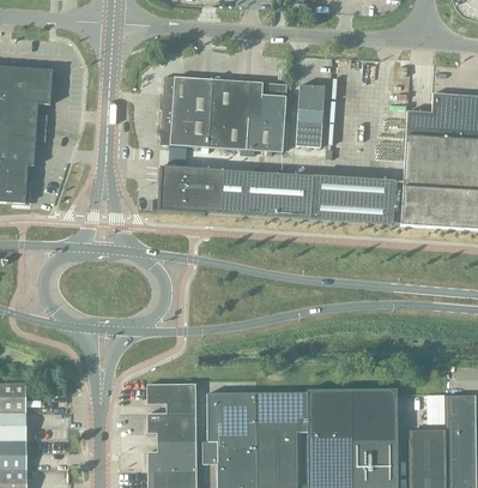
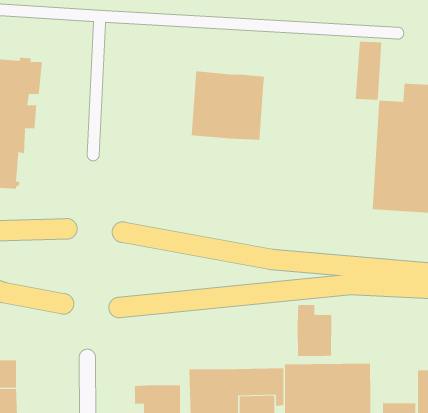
building: [159,76,213,146] -> none
building: [295,84,323,146] -> [355,41,382,100]
building: [158,165,394,223] -> none
building: none -> [297,304,332,357]
building: [149,380,198,409] -> none

